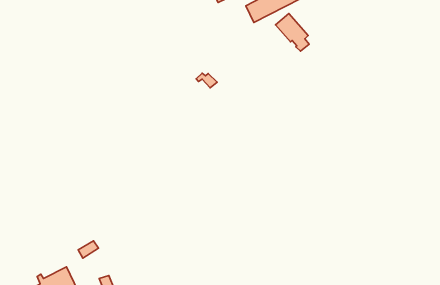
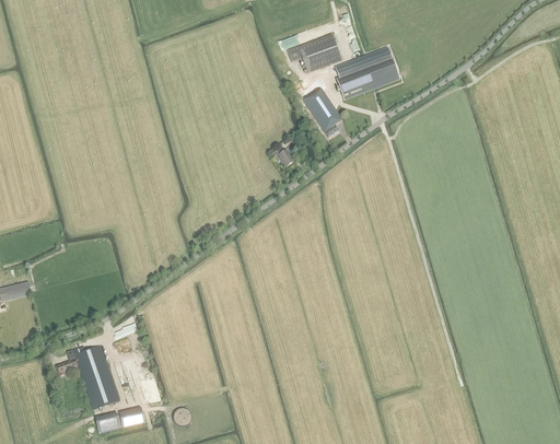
building: [275,13,309,51] -> [304,92,339,136]

